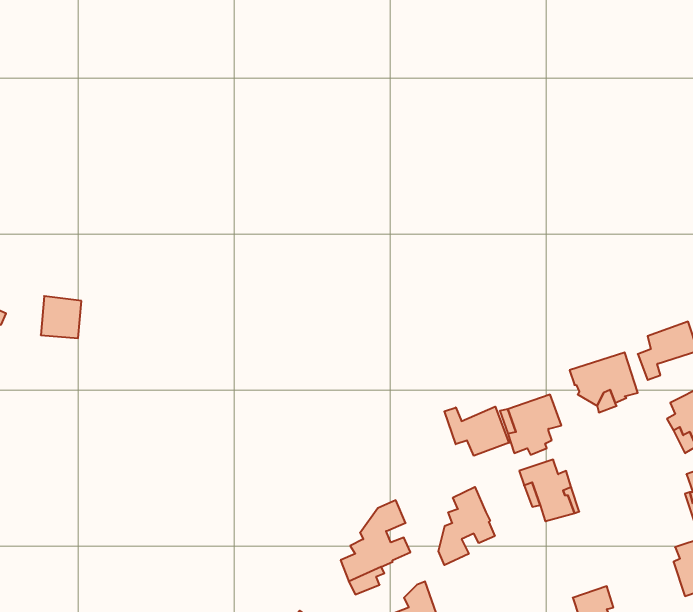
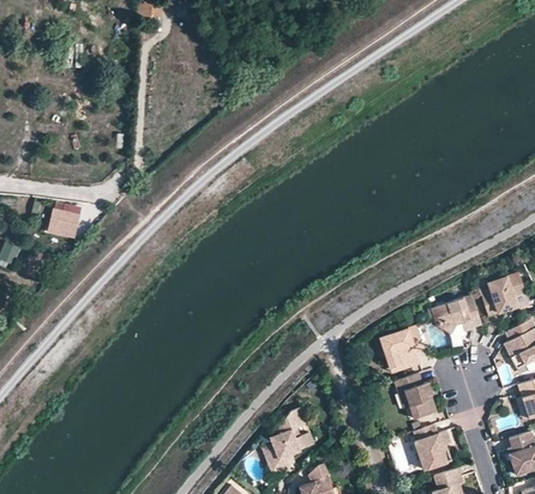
building: [41,296,81,338] -> [49,206,79,237]
building: [444,407,509,456] -> none
building: [438,487,495,565] -> none
building: none -> [413,423,451,469]

